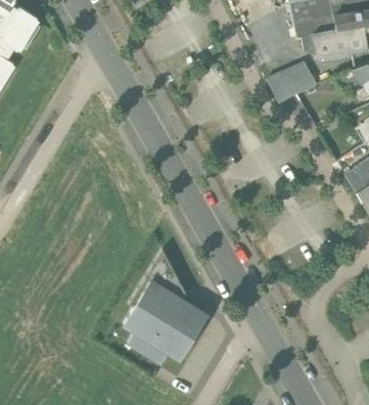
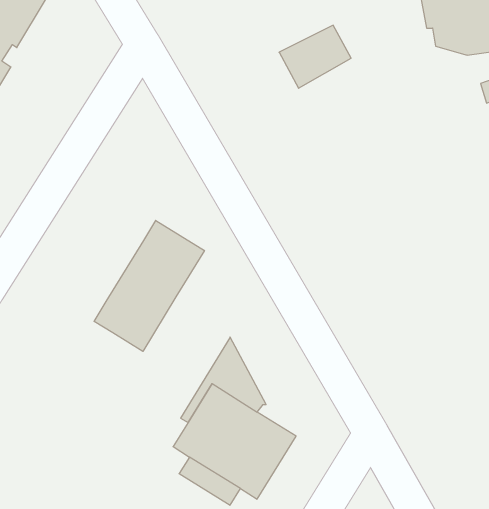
building: [266,60,315,103] -> [279,25,351,88]
building: none -> [94,220,204,351]

